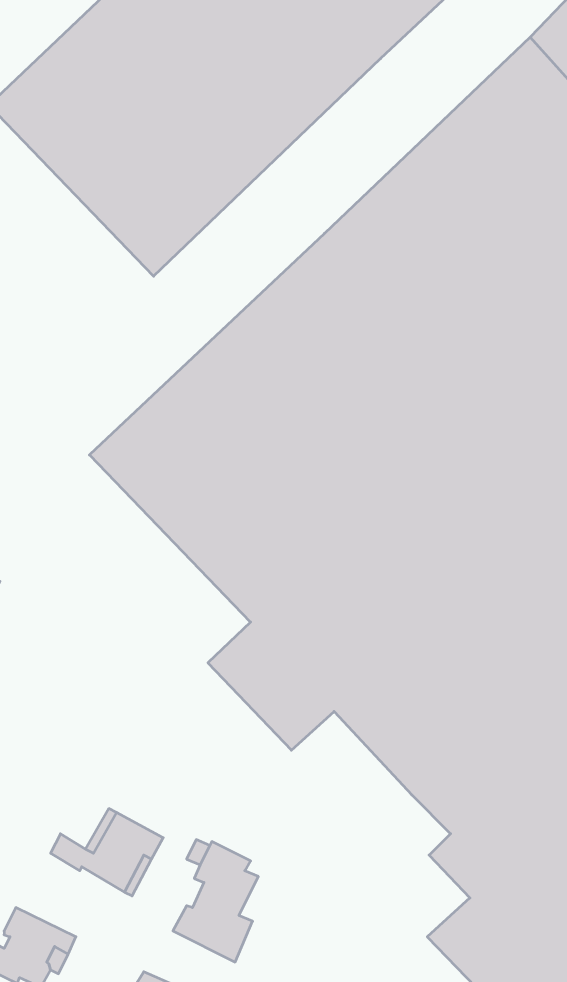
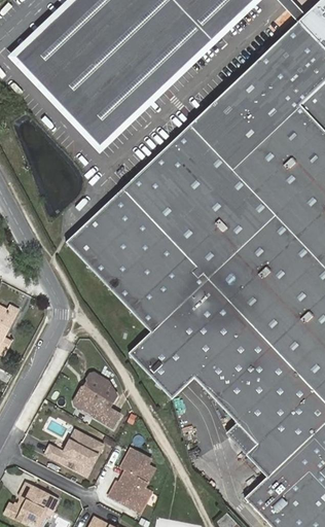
building: none -> [74,373,120,427]
building: none -> [225,422,257,454]

